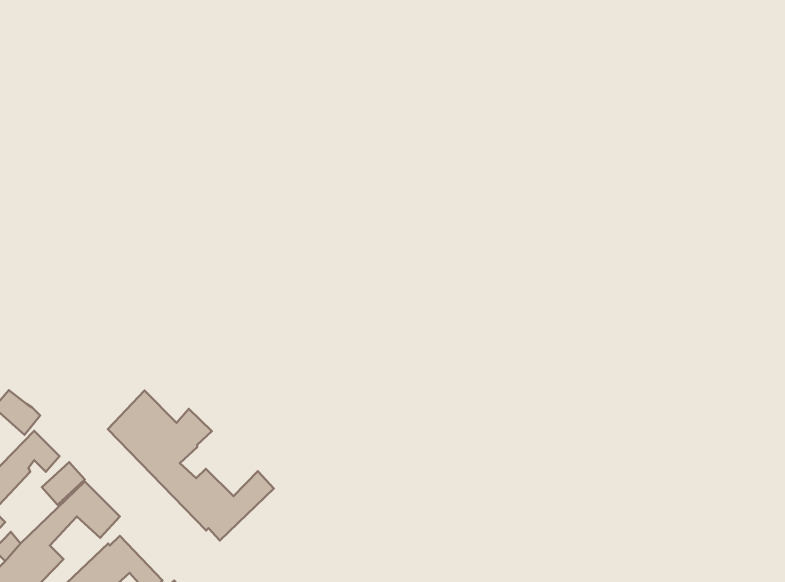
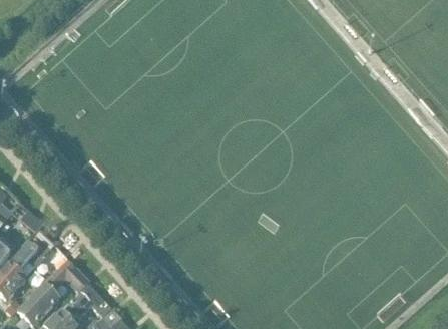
building: [108,390,274,541] -> none

